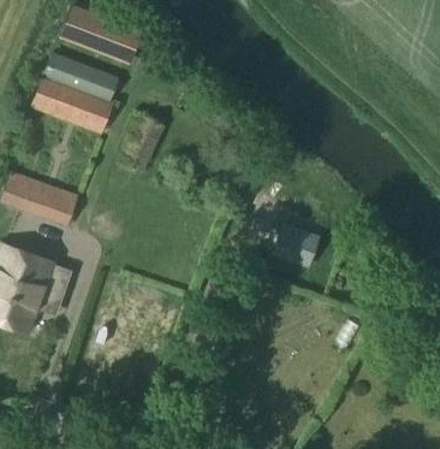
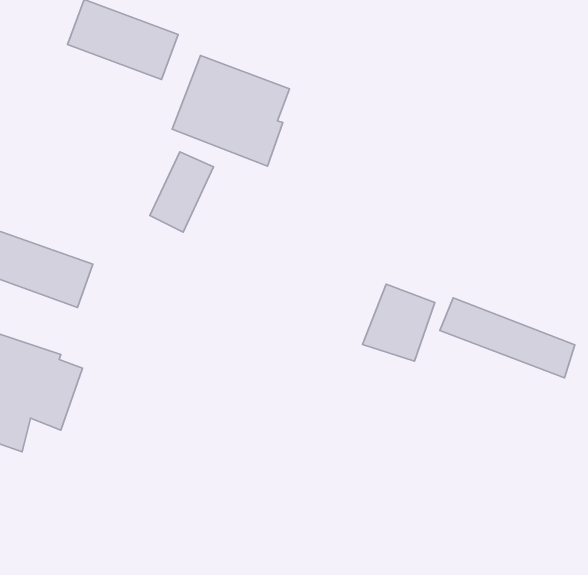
building: [32,53,117,132] -> [172,55,289,166]
building: none -> [440,298,575,378]

